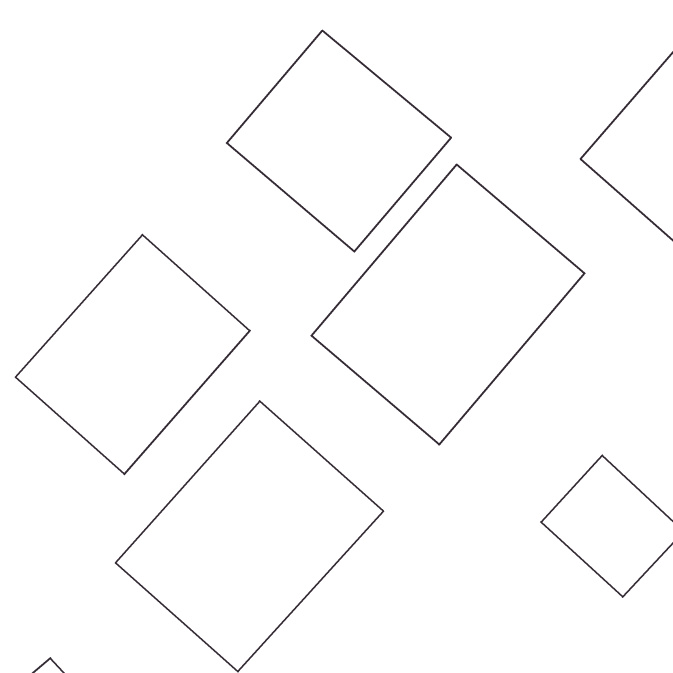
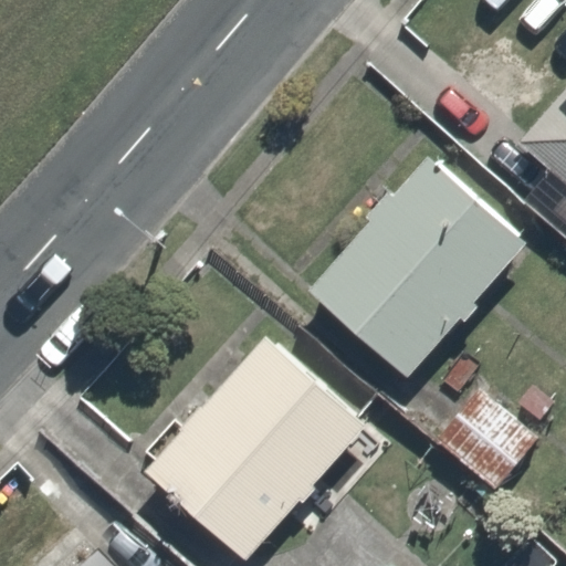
building: [227,31,451,252] -> none
building: [16,235,250,474] -> none

